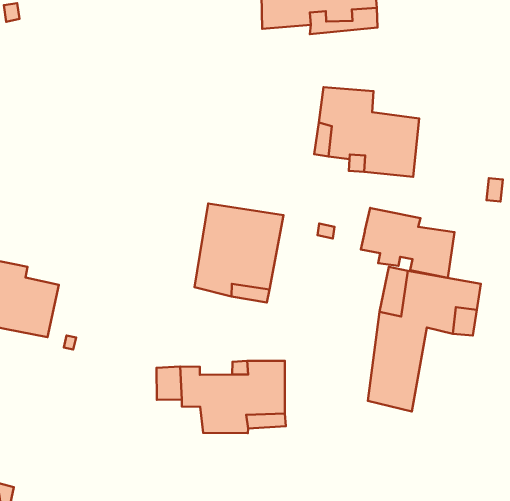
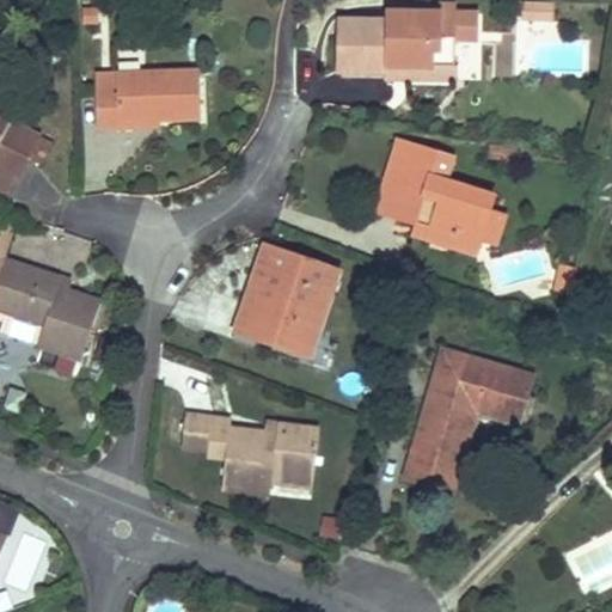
building: none -> [91,66,196,129]
building: [361,208,454,278] -> none

